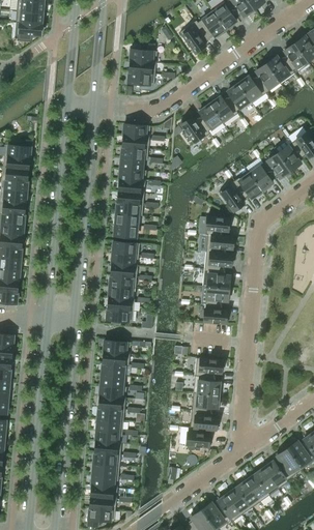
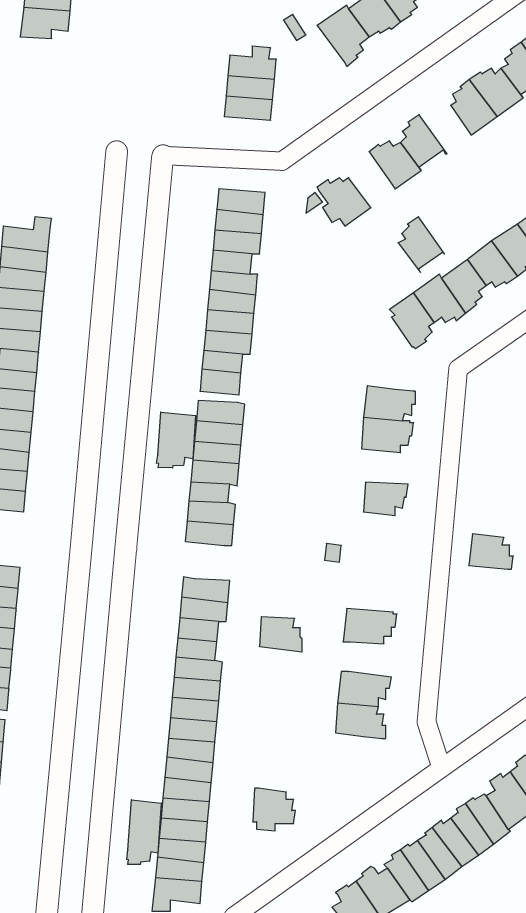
building: [236,76,265,104] -> none
building: [197,102,223,134] -> [398,217,444,272]
building: [205,212,230,235] -> none
building: none -> [157,412,196,468]
building: [202,268,231,288] -> none
building: [203,303,228,323] -> [469,534,513,569]
building: [197,376,221,395] -> [259,617,302,652]
building: [187,426,210,450] -> [253,788,295,831]
building: none -> [127,800,161,864]

